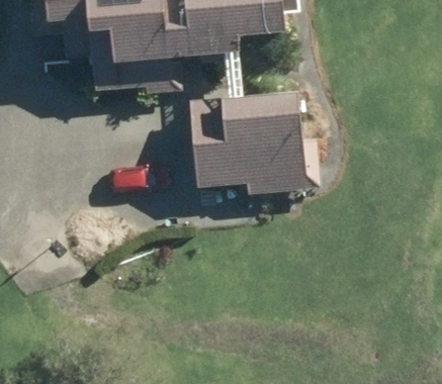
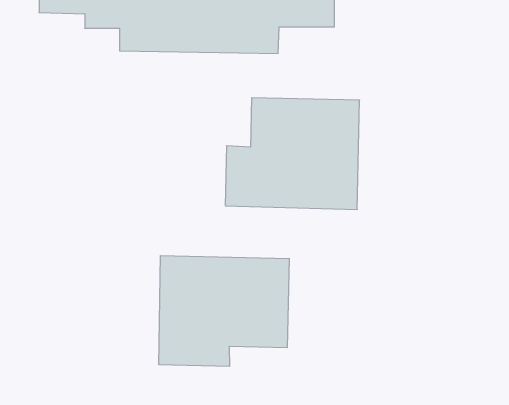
building: none -> [159,256,289,366]

